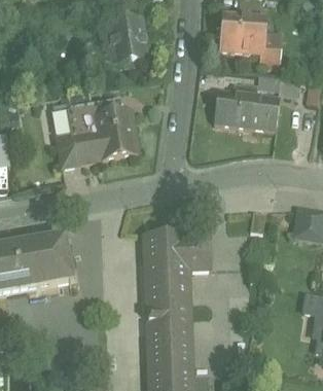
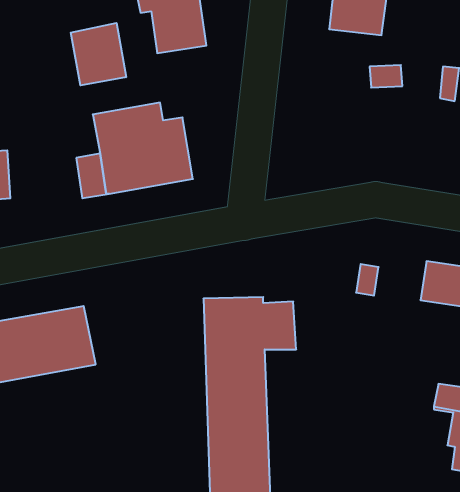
building: none -> [71,23,126,85]
building: [213,82,280,130] -> none

